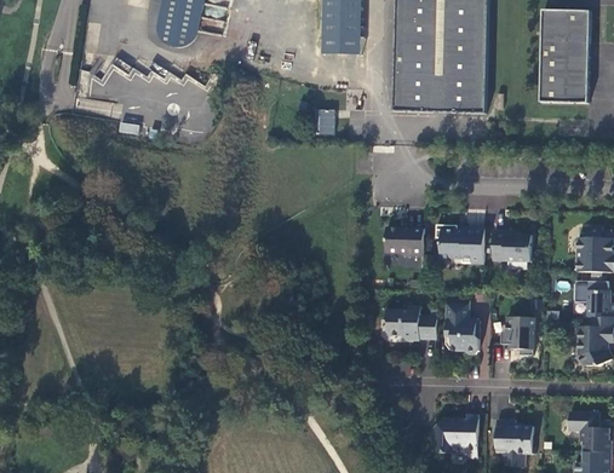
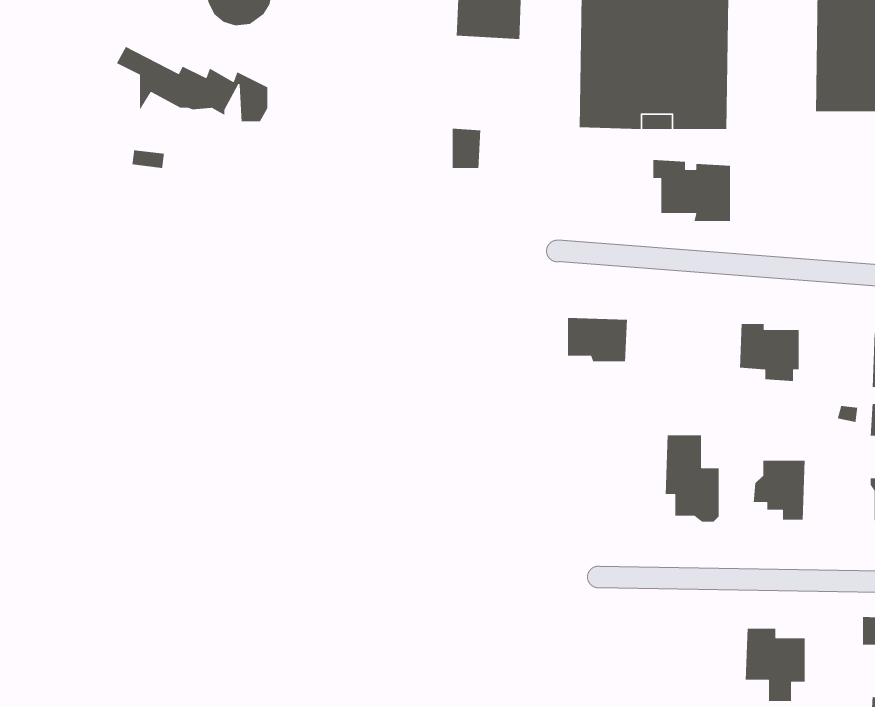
building: [435,224,483,263] -> [653,159,731,222]
building: [385,306,436,339] -> none
building: [434,416,480,460] -> none

